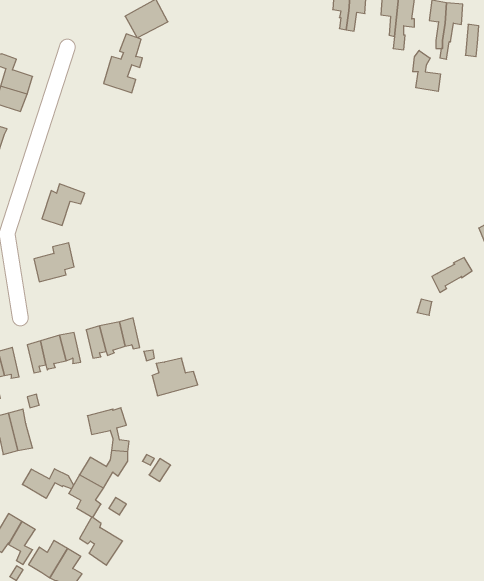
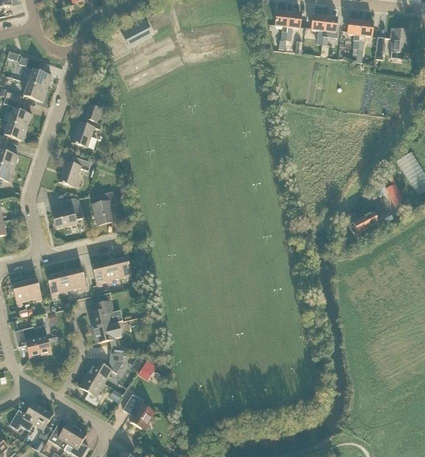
building: [104,34,142,93] -> [72,104,101,148]
building: [413,50,440,91] -> none
building: none -> [91,191,114,224]
building: [152,358,198,396] -> [88,300,122,328]
building: [22,469,73,498] -> none
building: [80,517,123,565] -> [123,393,155,429]

